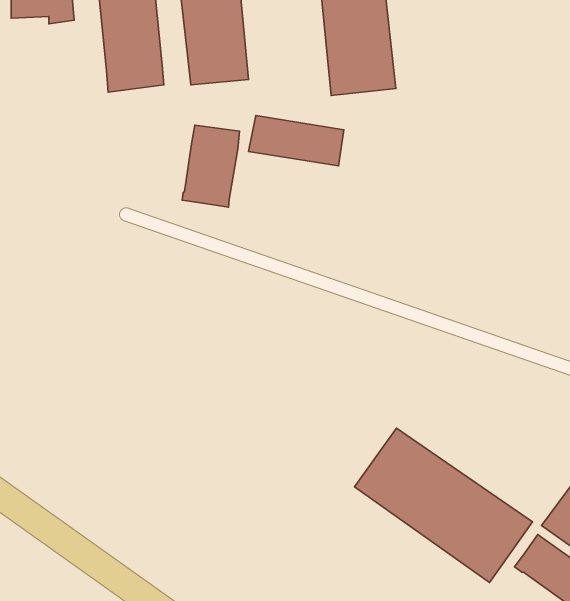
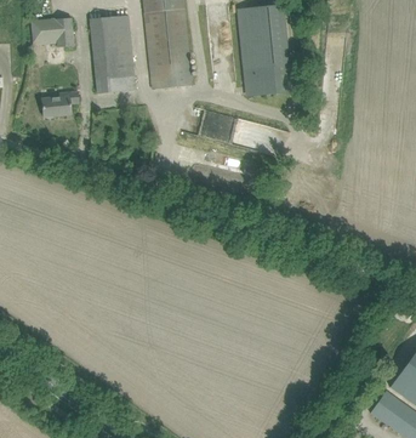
building: none -> [41,91,79,118]
building: [182,125,239,207] -> none
building: [355,428,532,583] -> none

